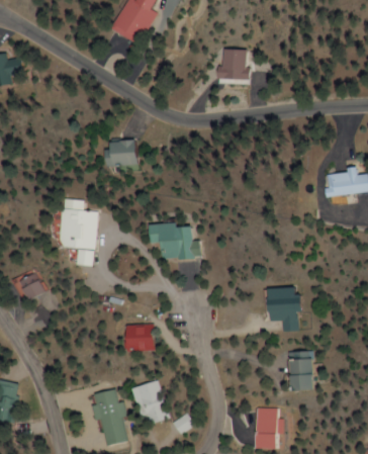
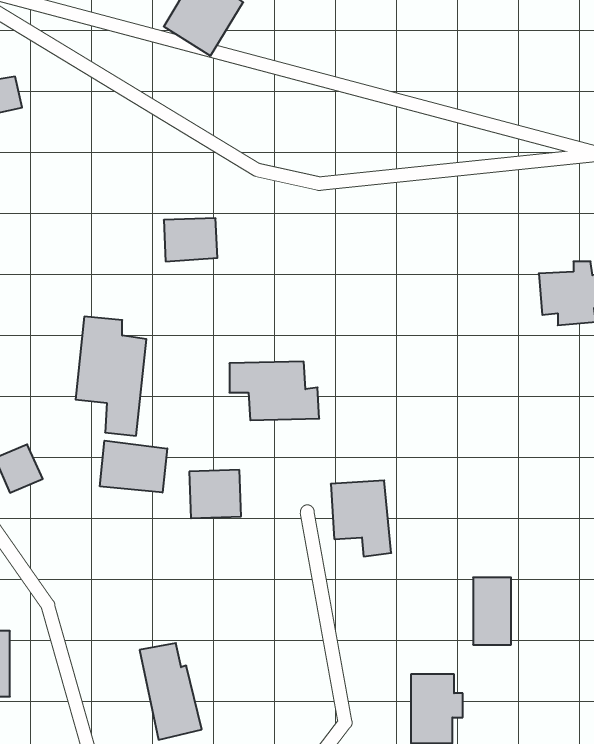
building: [214,50,247,81] -> none
building: none -> [100,441,167,493]
building: [270,286,305,331] -> [331,480,391,556]
building: [121,325,152,353] -> [189,470,241,518]
building: [132,380,169,427] -> none

